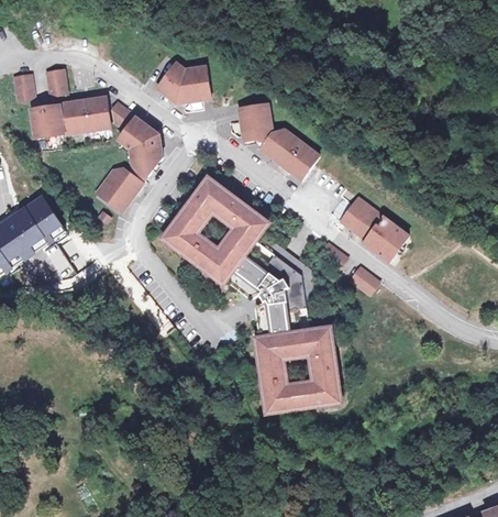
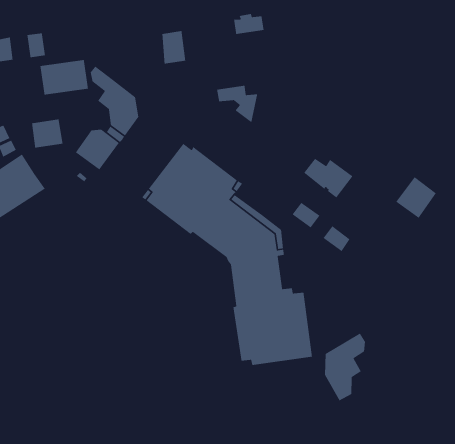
building: [158,64,187,102] -> none
building: [239,105,270,127] -> [233,13,264,35]
building: [31,107,64,138] -> [31,118,63,148]
building: [277,131,319,178] -> none
building: [365,218,408,262] -> [395,176,437,219]
building: none -> [324,333,366,401]

